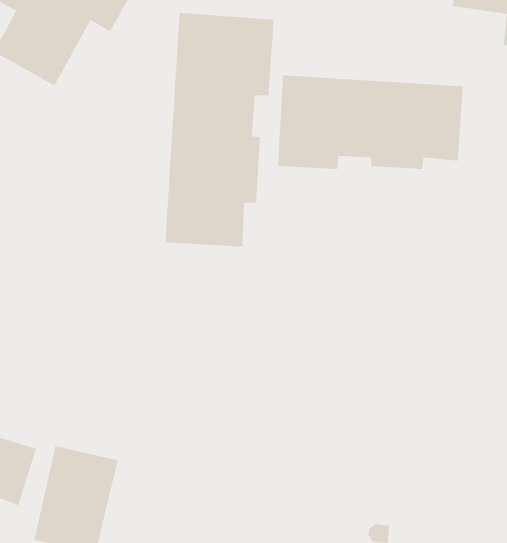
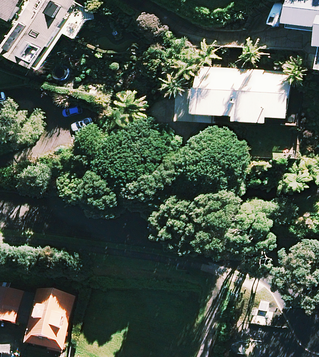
building: [165,12,274,247] -> none

